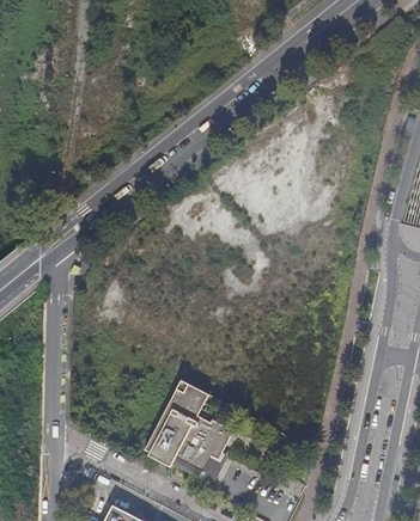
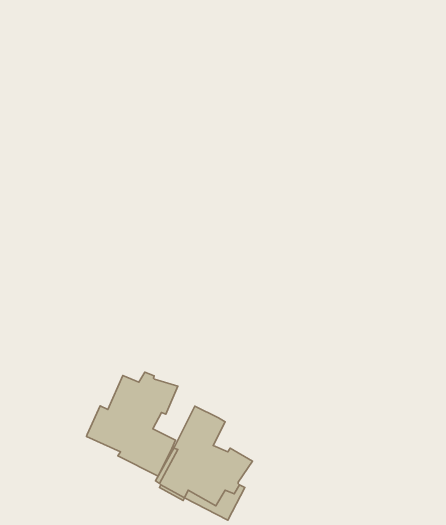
building: none -> [87,372,178,476]

